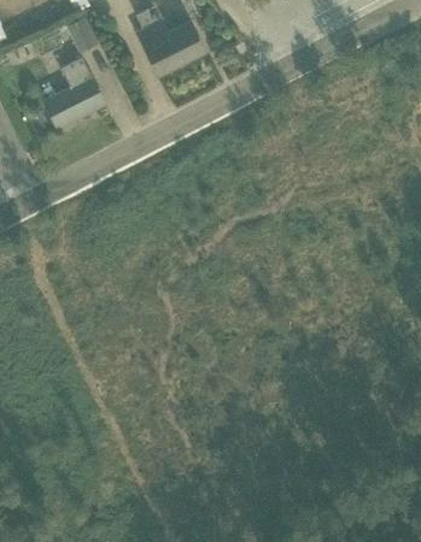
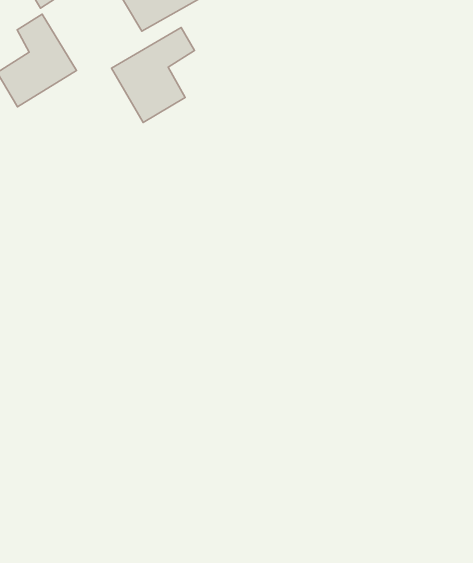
building: none -> [111,27,195,122]

